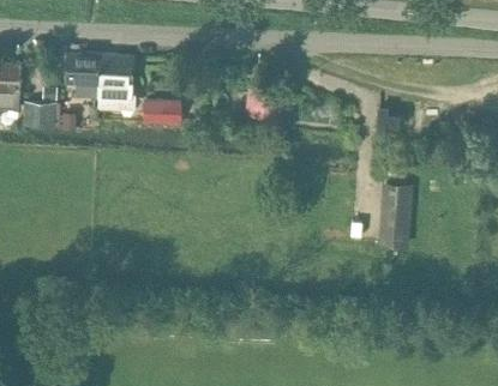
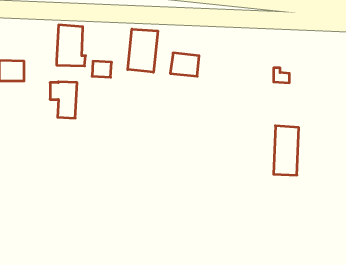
building: [66,54,101,101] -> [50,82,77,118]
building: none -> [128,29,158,72]

